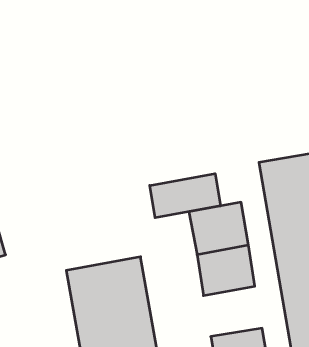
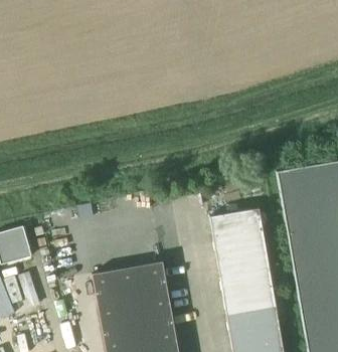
building: [150,174,220,218] -> none
building: none -> [223,289,280,337]

